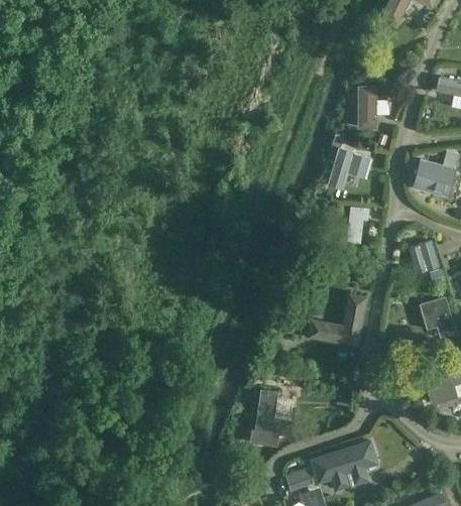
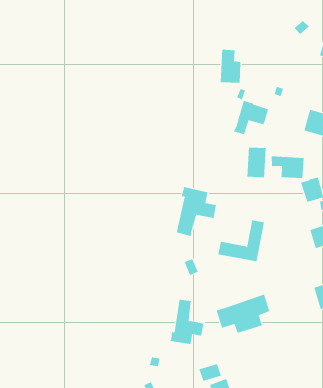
building: [359,83,385,124] -> [220,49,241,83]
building: none -> [271,156,304,179]
building: none -> [176,186,216,237]
building: [311,440,377,489] -> [216,294,270,334]

